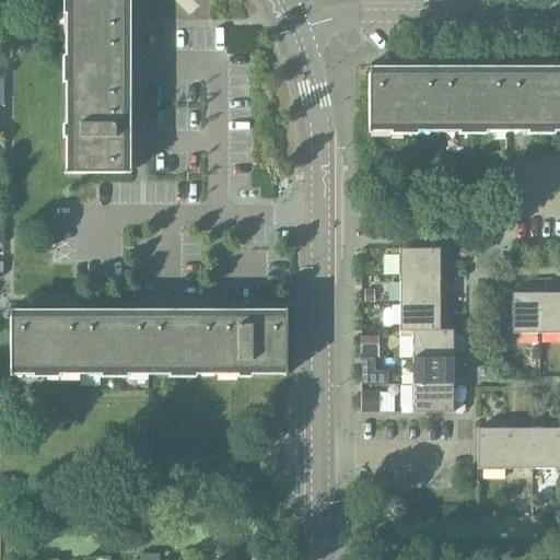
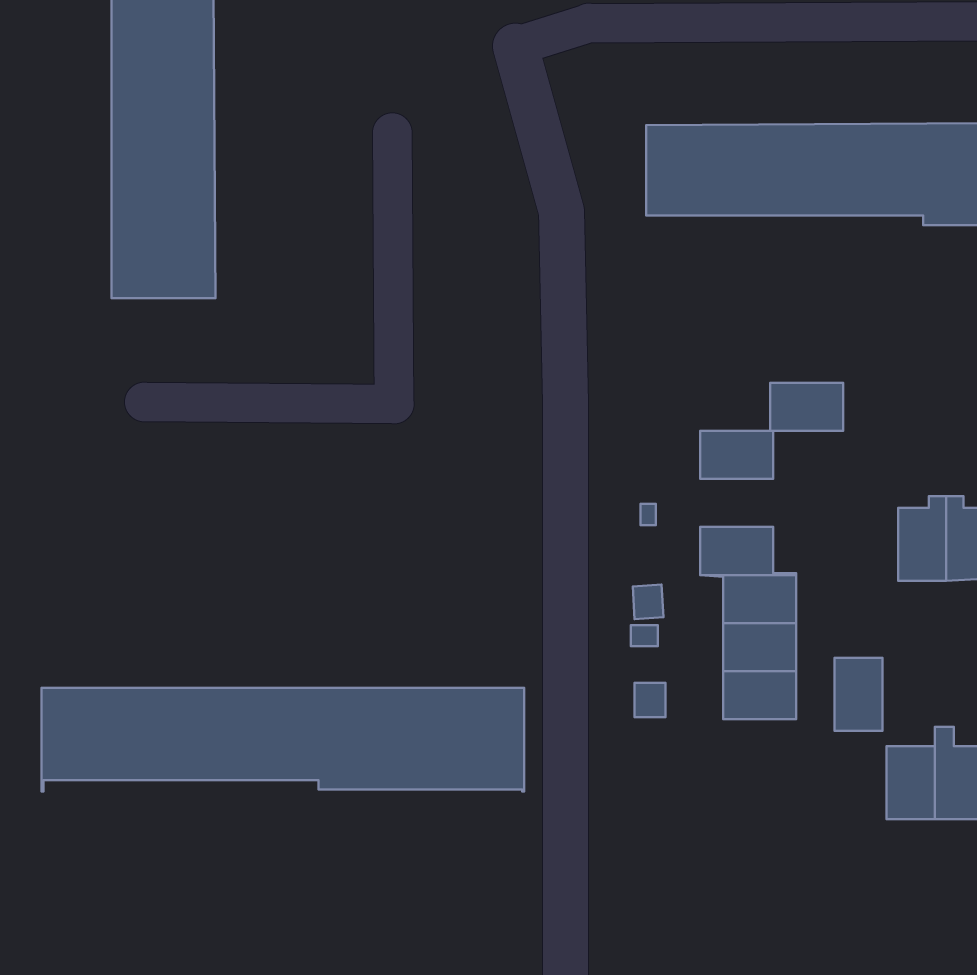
building: [401,272,443,300] -> [770,383,843,431]
building: [13,313,288,372] -> [41,688,524,792]
building: [480,424,508,466] -> [834,658,883,731]

